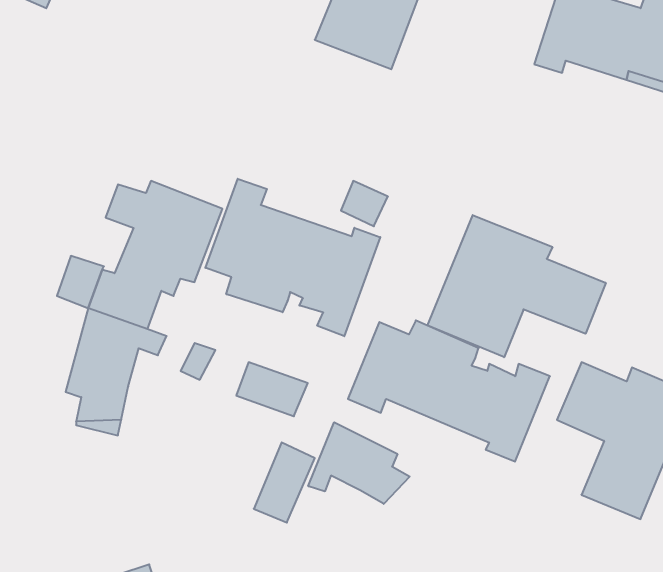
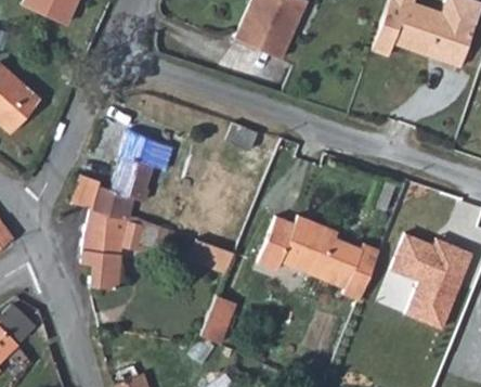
building: [205,179,380,336] -> none
building: [428,215,606,357] -> none
building: [308,422,410,504] -> none

